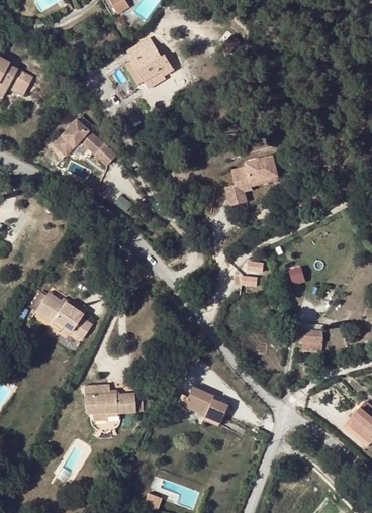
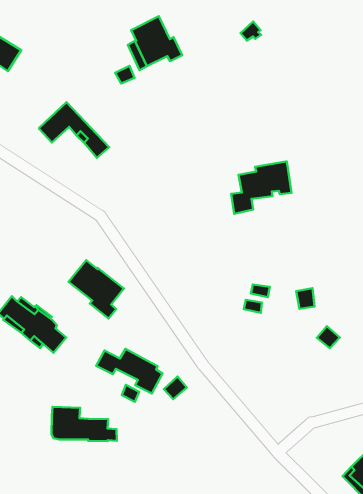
building: none -> [68,260,124,319]
building: [298,331,322,351] -> none
building: [167,388,225,425] -> [96,349,163,393]

